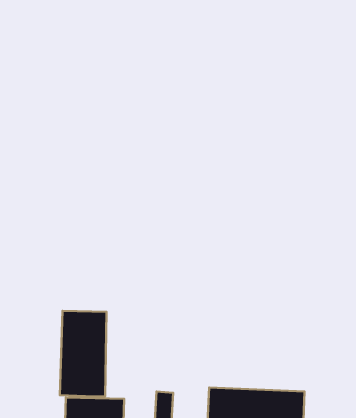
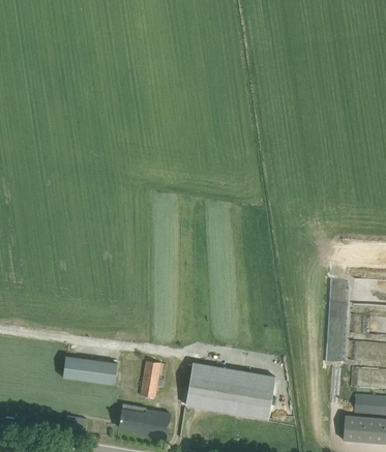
building: [60,311,107,396] -> none

